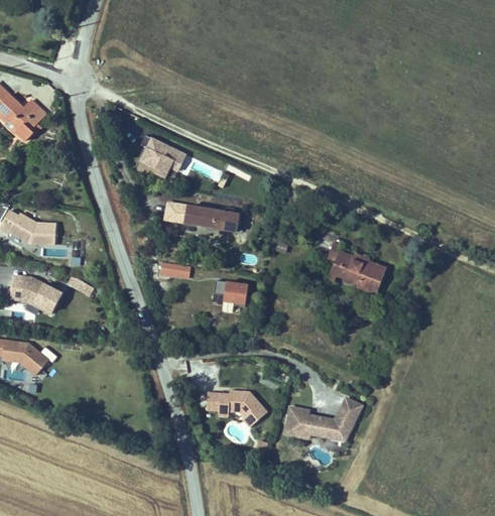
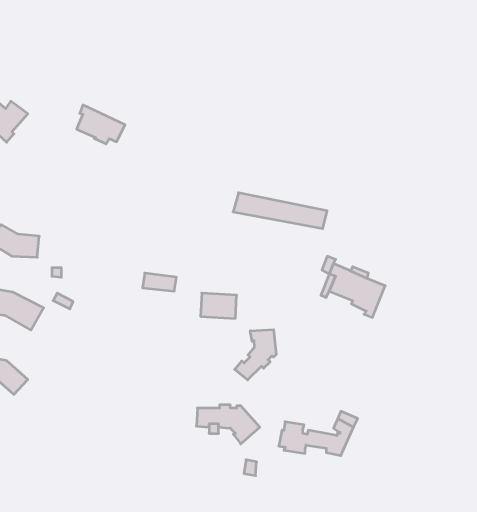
building: [135,135,181,172] -> [77,105,125,144]
building: [151,200,241,234] -> [233,193,327,229]
building: none -> [235,330,276,380]

